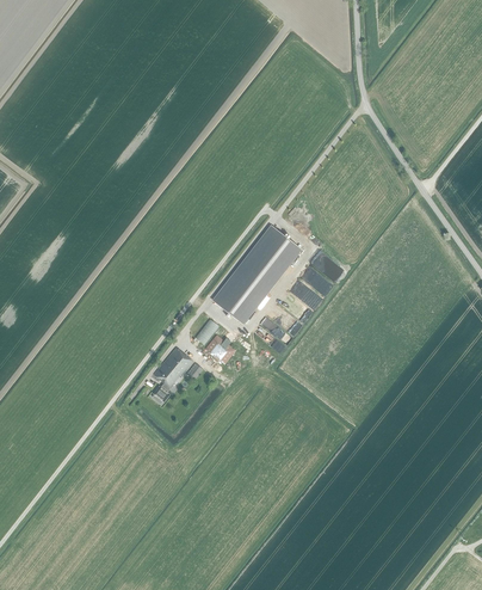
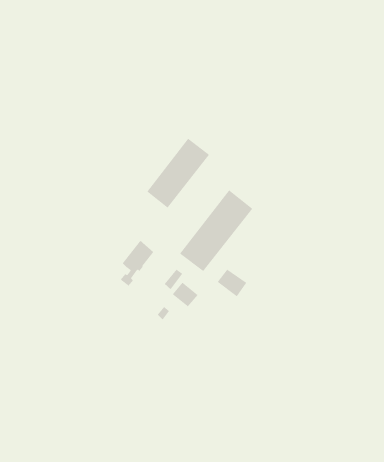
building: none -> [147,138,210,209]
building: [152,346,192,401] -> [120,240,154,287]

